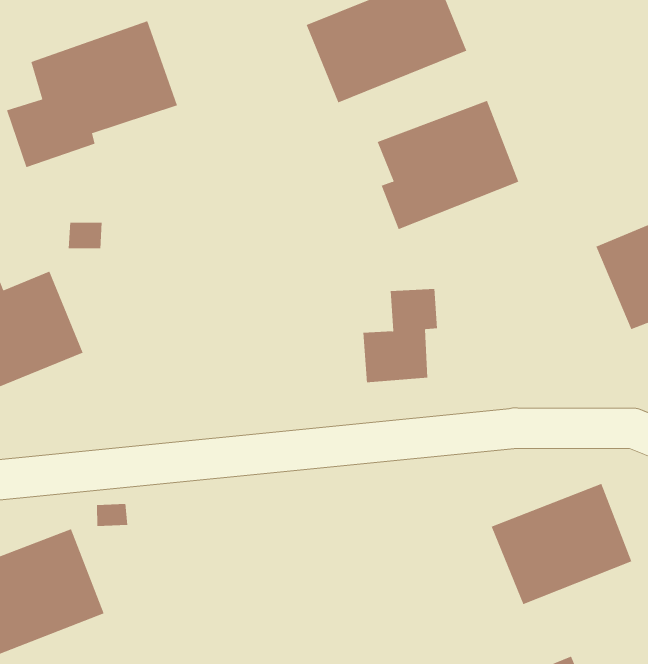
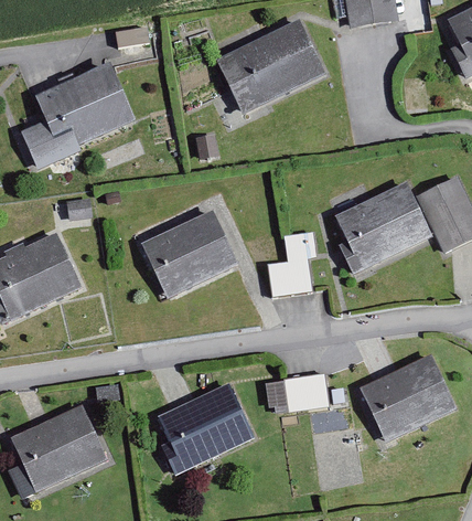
building: [377,100,519,230] -> [336,182,432,272]
building: none -> [142,210,238,297]
building: none -> [264,373,329,414]
building: none -> [158,383,256,474]

